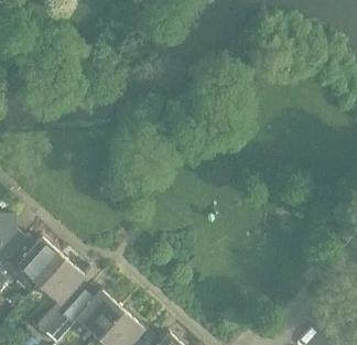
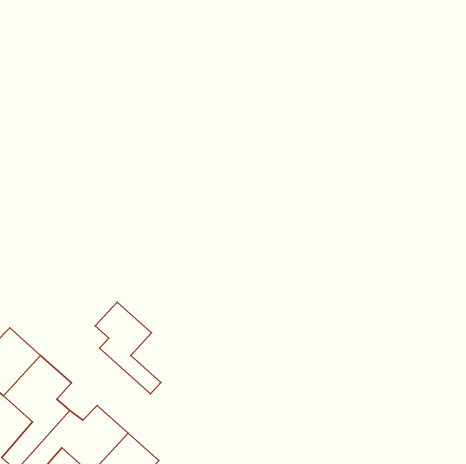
building: none -> [95,302,161,394]

